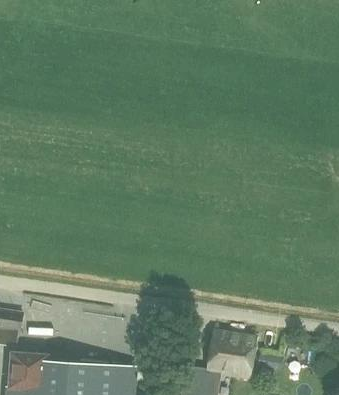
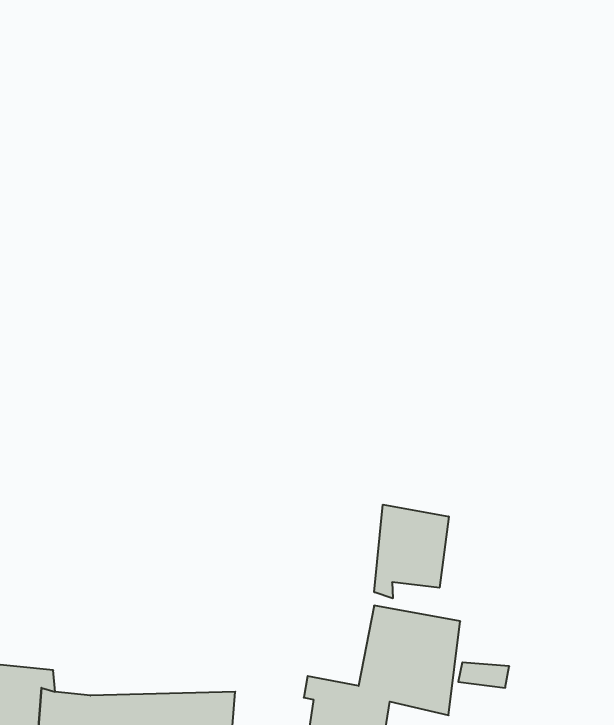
building: none -> [374,505,449,598]

